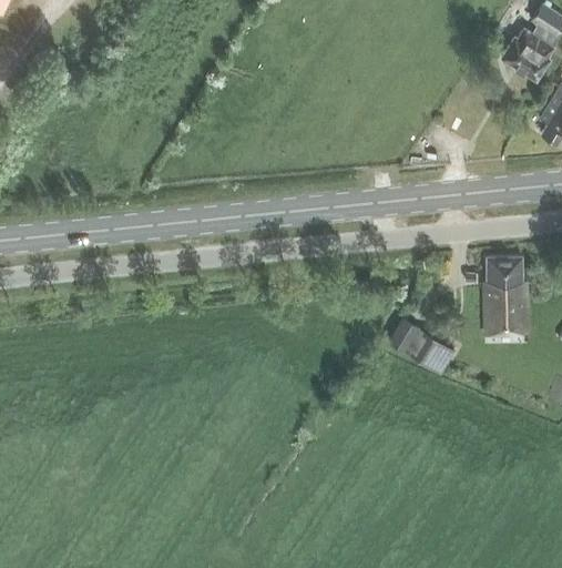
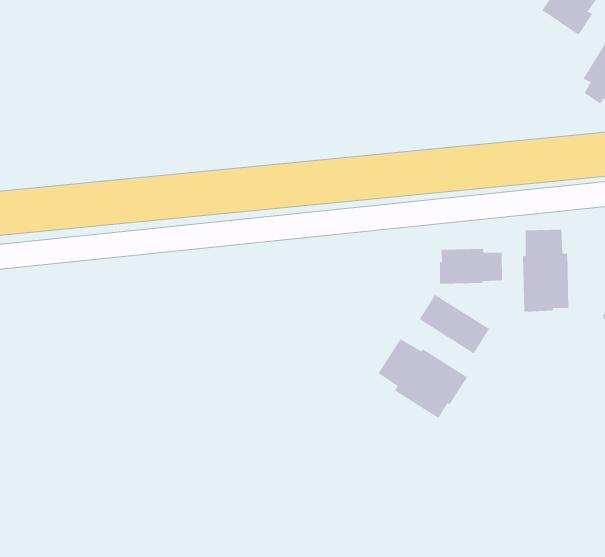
building: none -> [440,248,503,285]
building: none -> [378,338,468,419]

